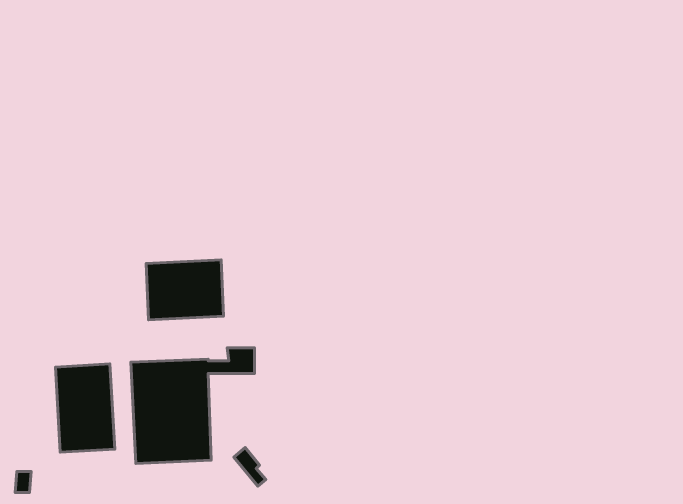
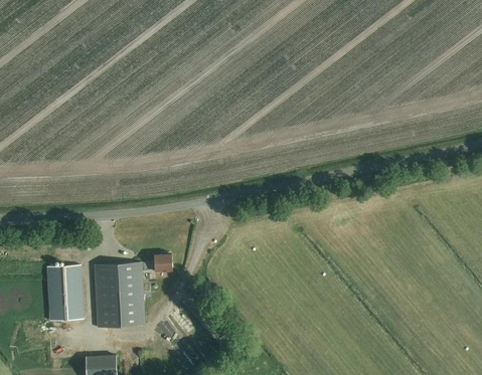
building: [146,260,224,320] -> none

